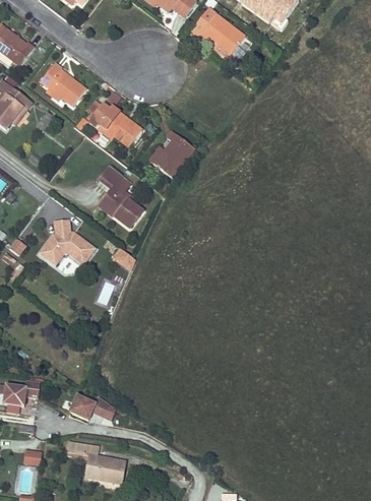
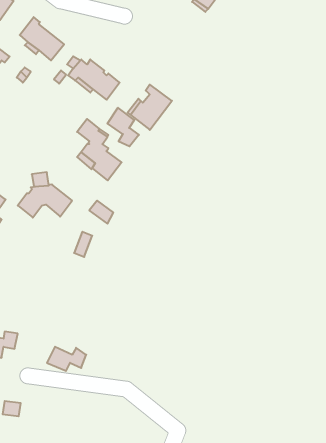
building: none -> [107,108,139,146]
building: [65,441,124,482] -> none

